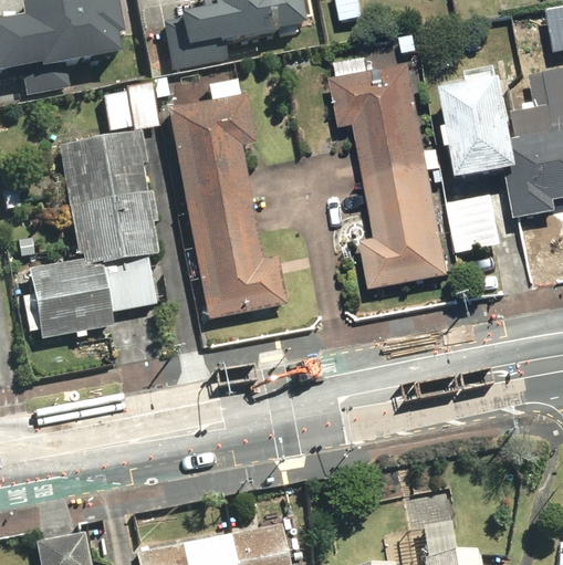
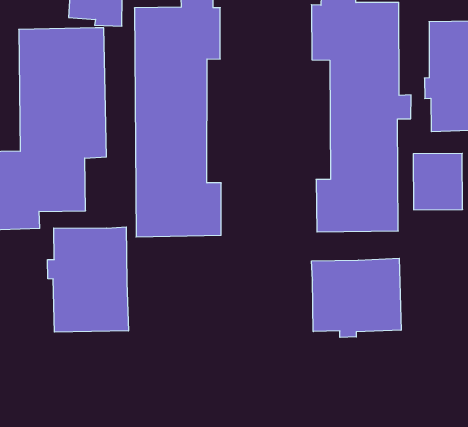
building: none -> [312,258,401,337]
building: none -> [48,227,128,332]

